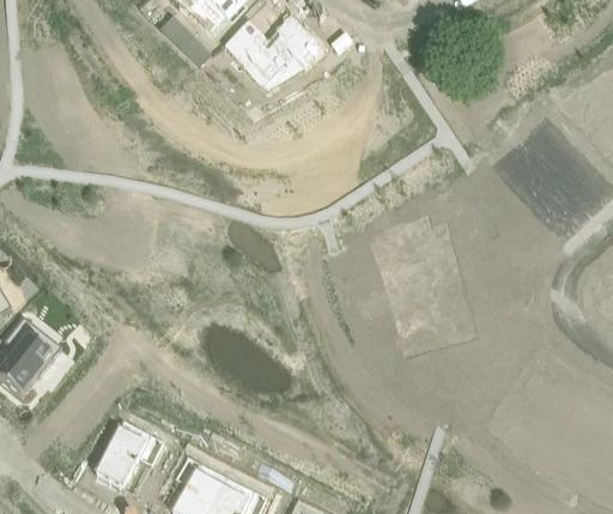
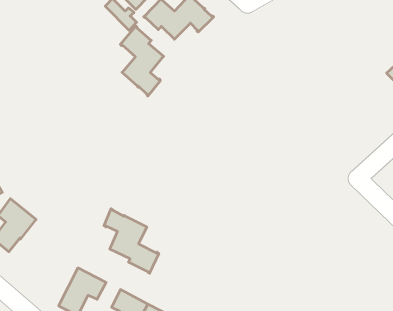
building: none -> [120,26,164,96]
building: none -> [104,209,159,273]

